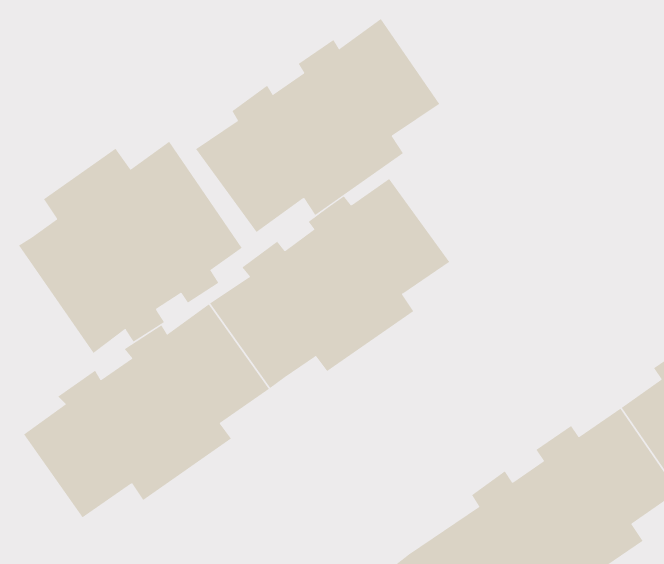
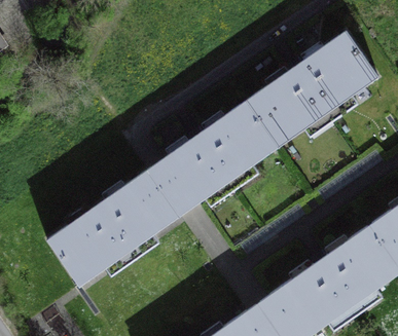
building: [195,18,440,233] -> [245,30,377,146]
building: [18,141,243,354] -> none

